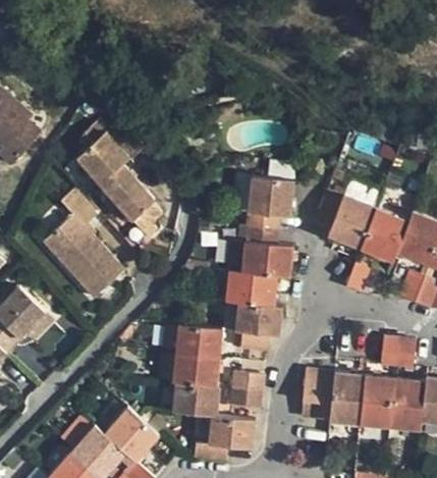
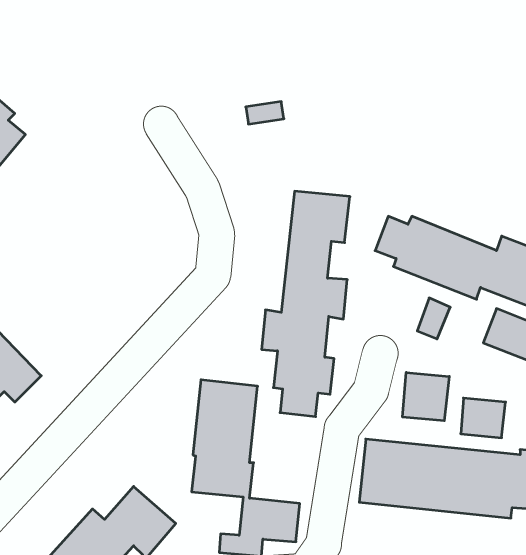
building: [77,122,162,238] -> none
building: [44,188,124,298] -> none
building: none -> [403,372,449,421]
building: [230,372,263,407] -> none

